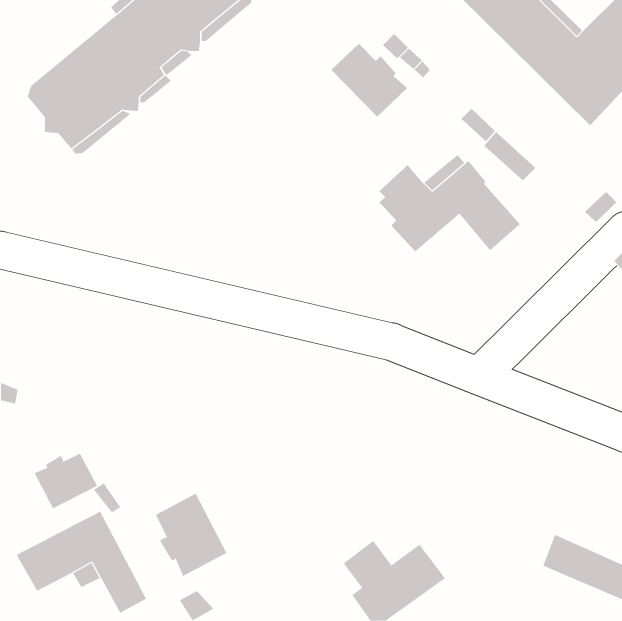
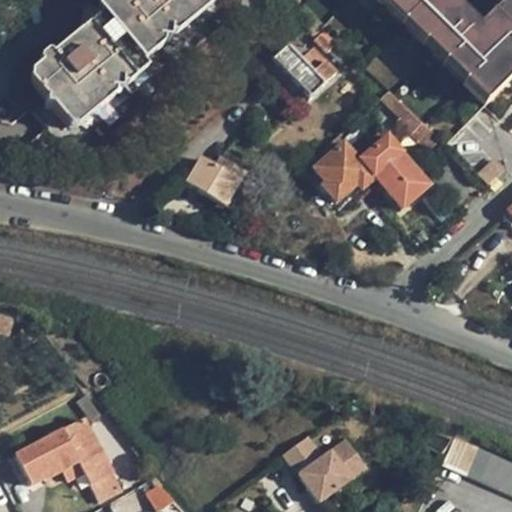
building: none -> [183,153,245,205]
building: [34,453,98,509] -> none
building: [155,493,227,577] -> none

